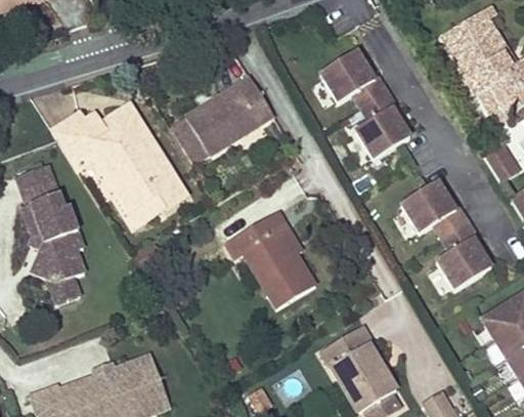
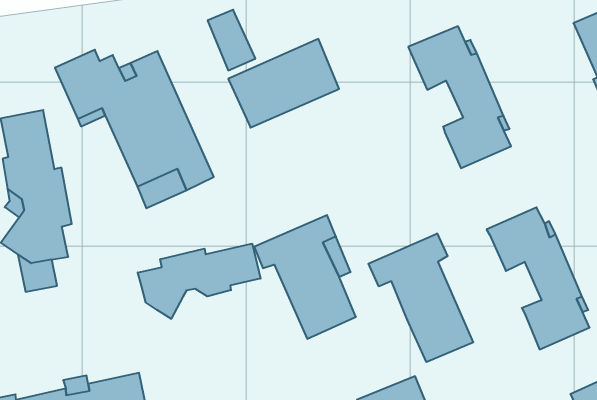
building: [168,118,209,165] -> [208,10,255,70]
building: none -> [368,233,473,362]
building: none -> [138,244,261,319]

